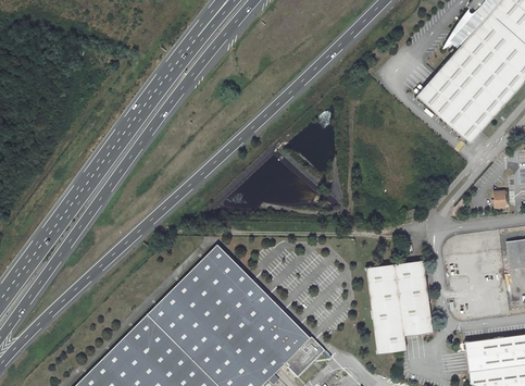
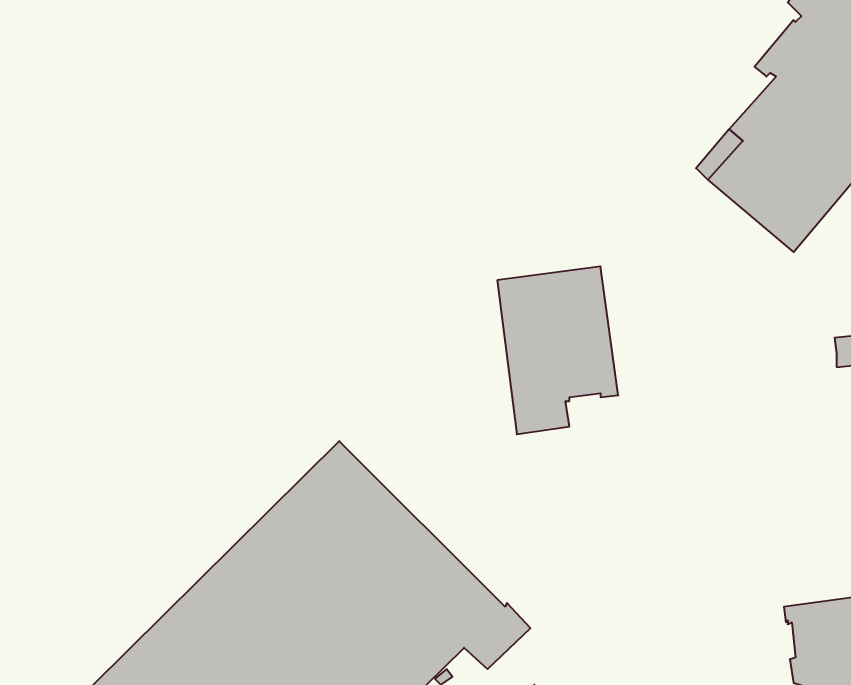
building: [365,260,433,353] -> [497,267,618,434]

